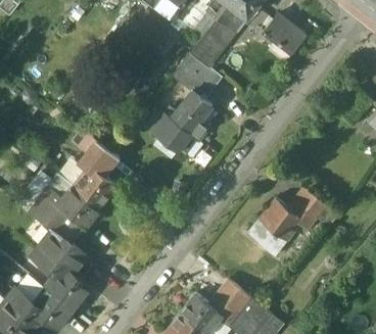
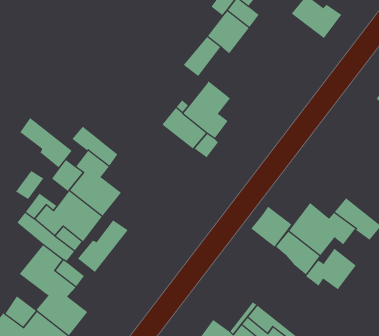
building: [184,62,220,98] -> none
building: none -> [20,117,73,168]
building: none -> [251,206,292,247]
building: none -> [77,220,129,273]
building: none -> [305,248,357,290]

